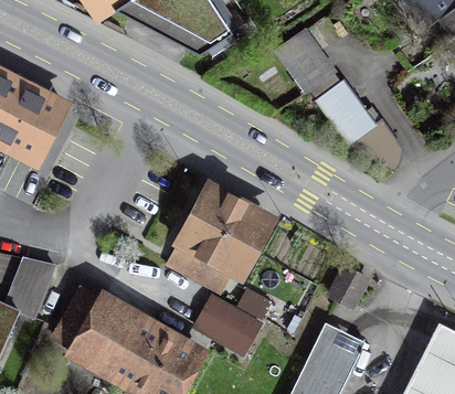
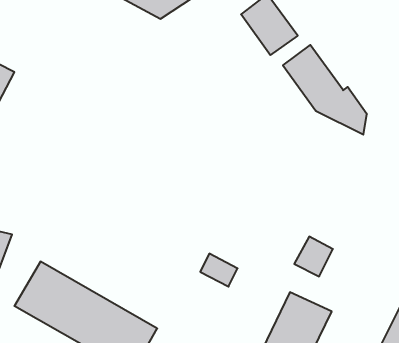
building: [167,192,265,292] -> none
building: [197,297,258,353] -> none

